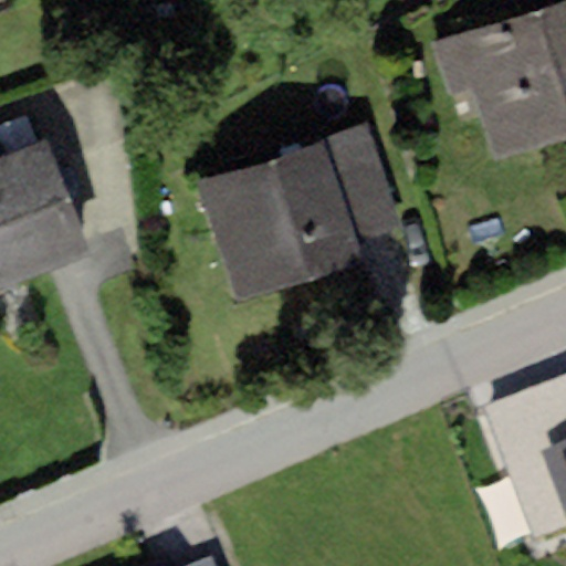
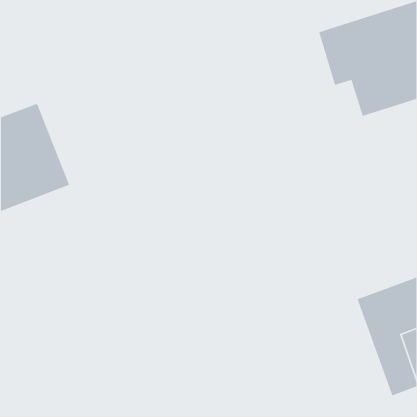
building: [203,130,398,301] -> none

